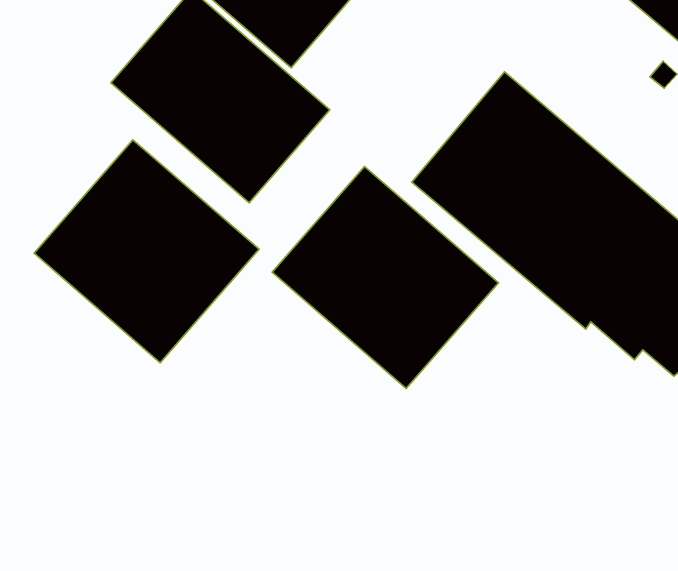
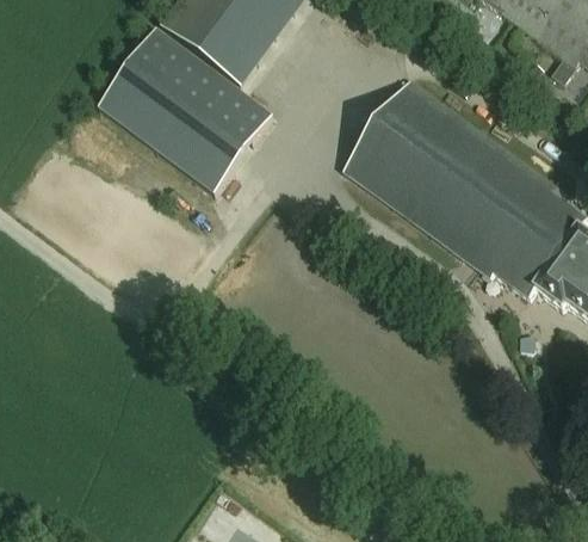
building: [34,140,259,363] -> none
building: [272,166,498,389] -> none

